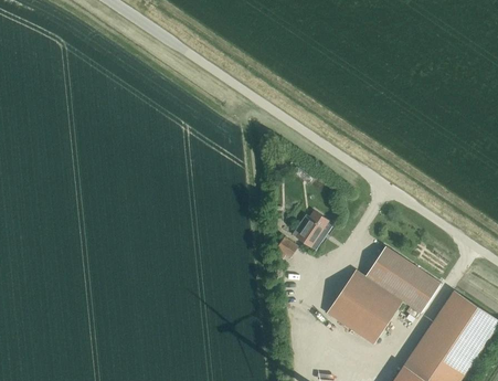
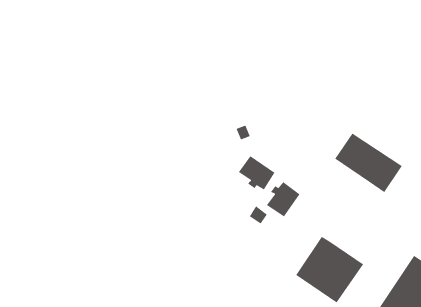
building: none -> [238,155,275,190]
building: [363,246,438,313] -> [334,132,403,193]

